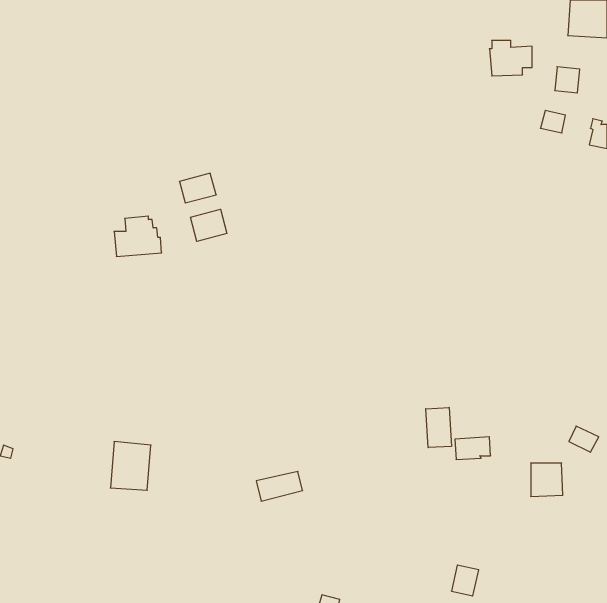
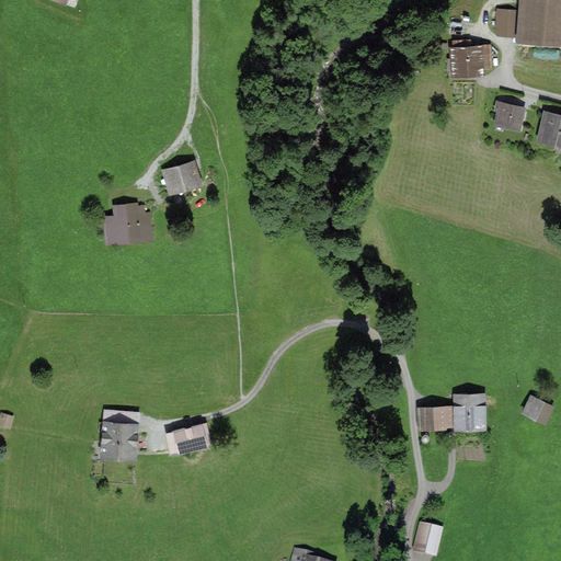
building: [555,67,580,93] -> [497,11,520,35]
building: [190,209,227,241] -> none
building: [426,407,451,448] -> none
building: [531,463,563,496] -> [456,396,485,426]
building: [256,471,303,501] -> [168,424,210,451]

